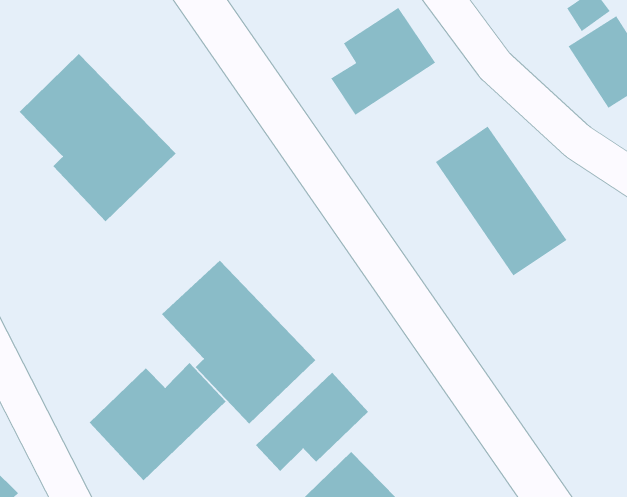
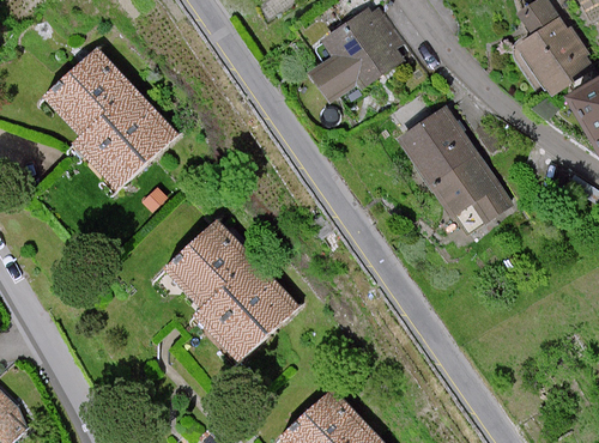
building: [89,362,226,481] -> none
building: [255,372,369,472] -> none

